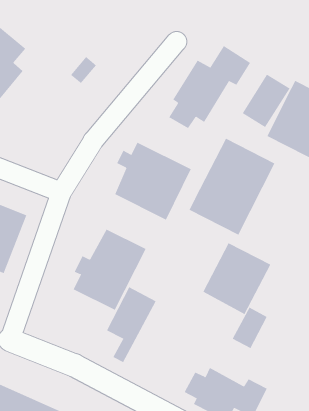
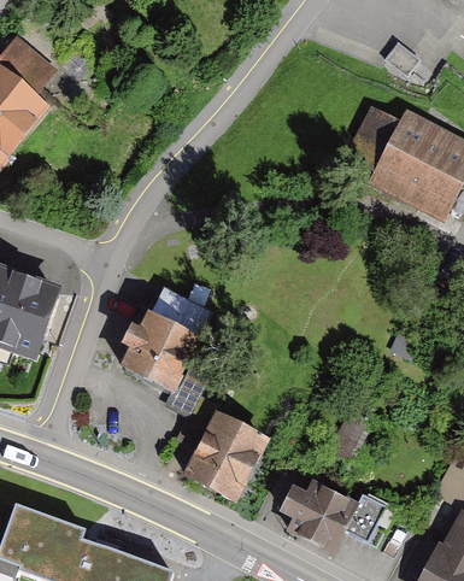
building: [169,45,251,129] -> none
building: [189,138,275,236] -> none
building: [114,142,191,220] -> none
building: [203,242,271,315] -> [193,415,283,510]

